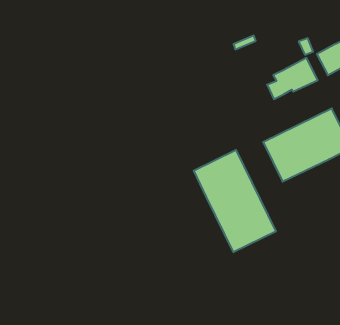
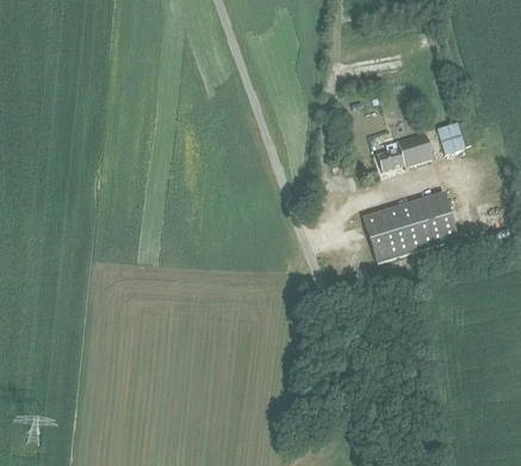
building: [194,150,276,252] -> none

